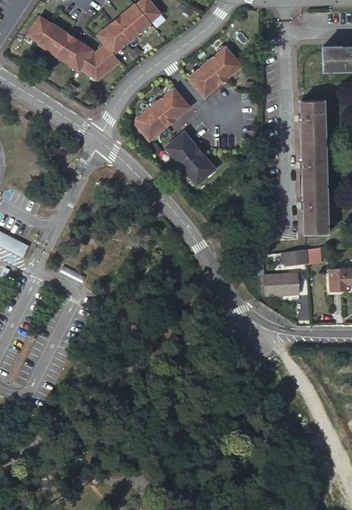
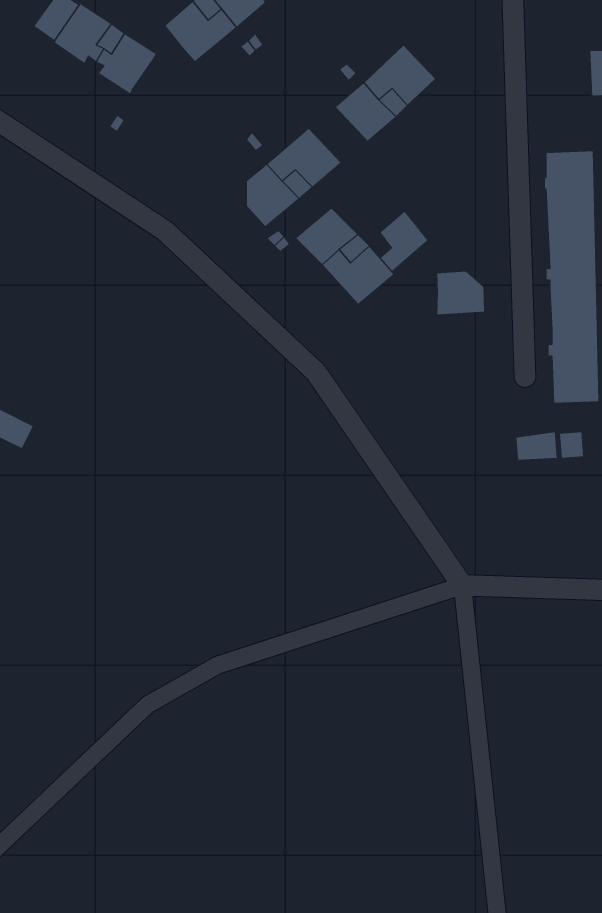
building: [81,45,119,81] -> none
building: none -> [380,211,428,272]
building: none -> [437,271,484,315]
building: [264,273,299,295] -> none

